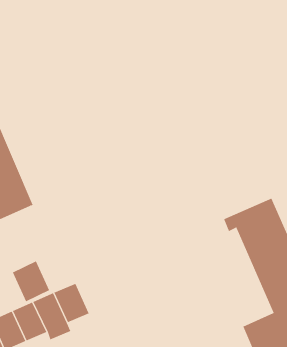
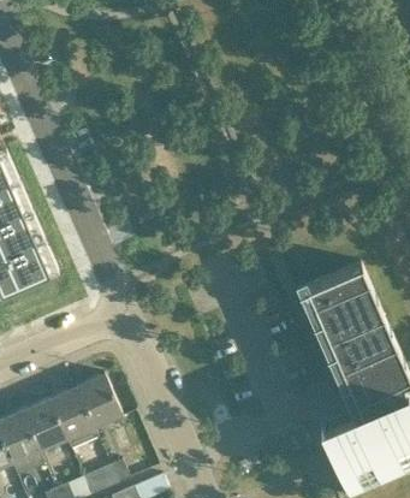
building: [12,261,50,302] -> none

